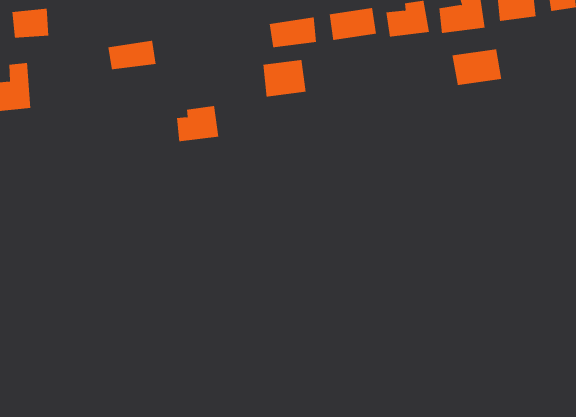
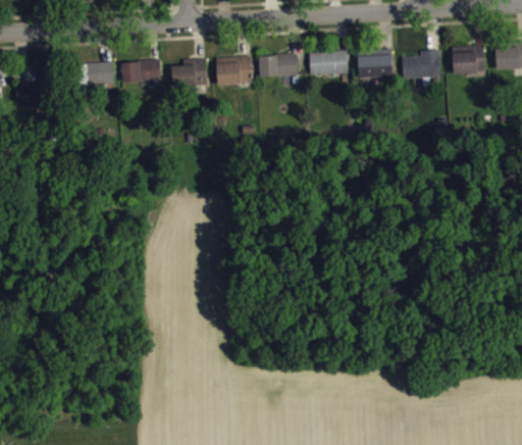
building: [11,8,49,38] -> [84,62,114,86]
building: [452,49,502,86] -> none
building: [263,59,306,97] -> [217,56,252,85]
building: [176,106,219,142] -> [172,59,207,87]

